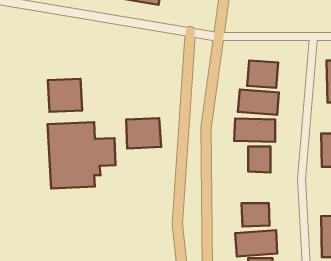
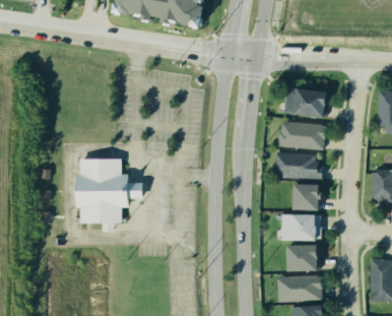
building: [48,79,82,112] -> none
building: [126,118,161,148] -> none
building: none -> [282,215,318,240]

